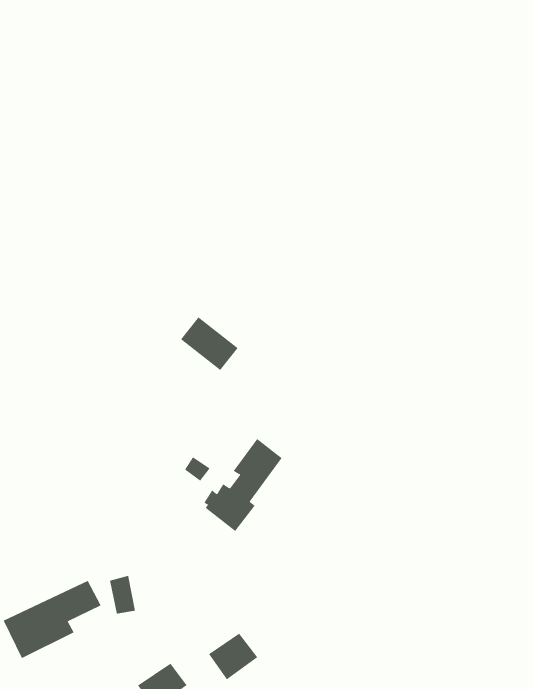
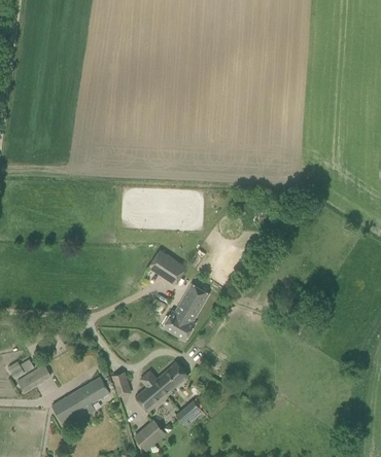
building: [180,317,238,371] -> [150,249,185,280]
building: none -> [135,361,187,411]

